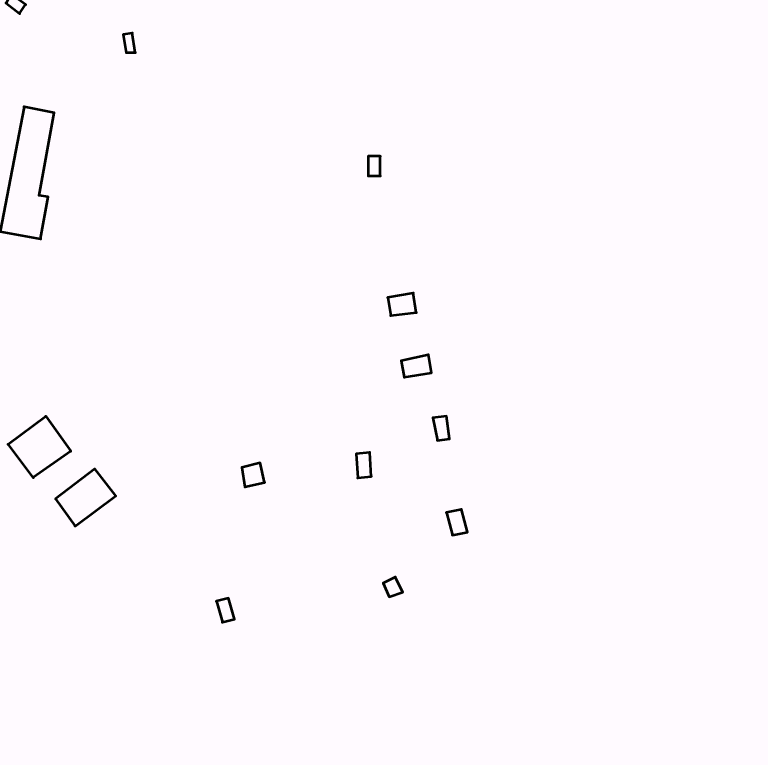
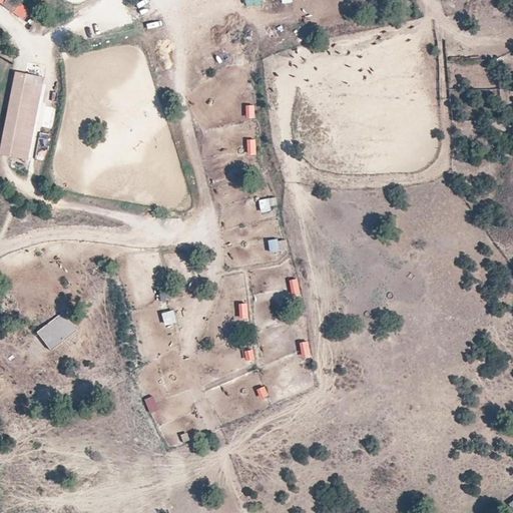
building: [8,416,71,478] -> none

